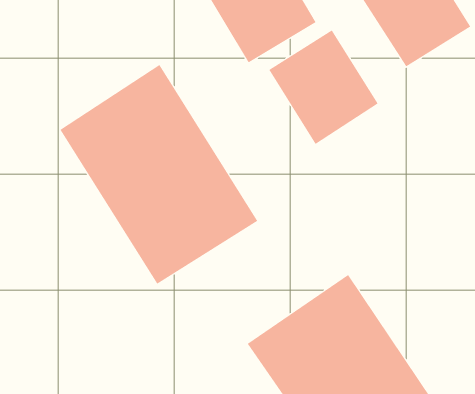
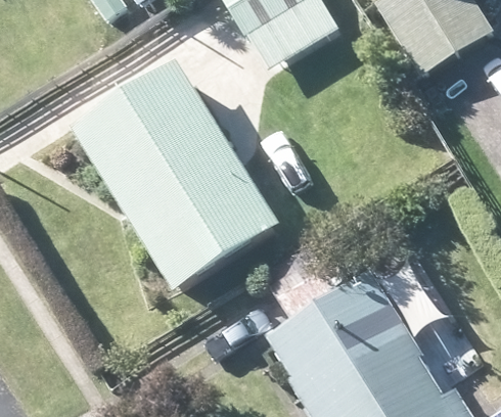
building: [268,30,379,145] -> none

